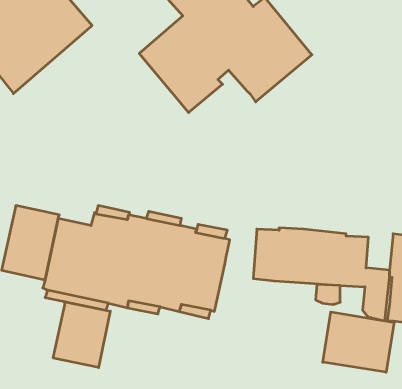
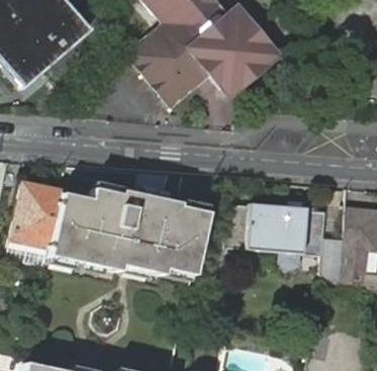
building: [53,302,110,368] -> none
building: [323,312,394,372] -> none

